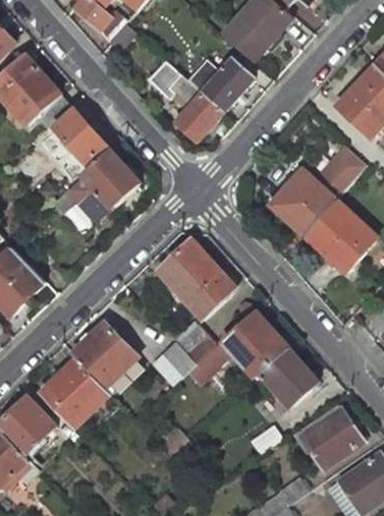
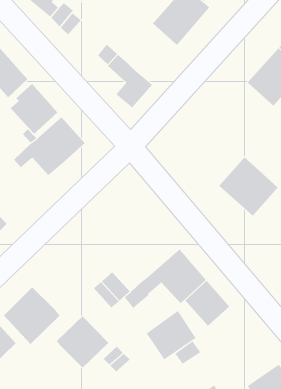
building: [186,58,253,111] -> none
building: [325,145,366,186] -> none
building: [270,169,334,234] -> none
building: [160,241,229,317] -> none
building: [172,320,216,363] -> none
building: [71,322,136,387] -> [56,315,109,369]
building: [299,407,362,468] -> [146,310,196,360]

